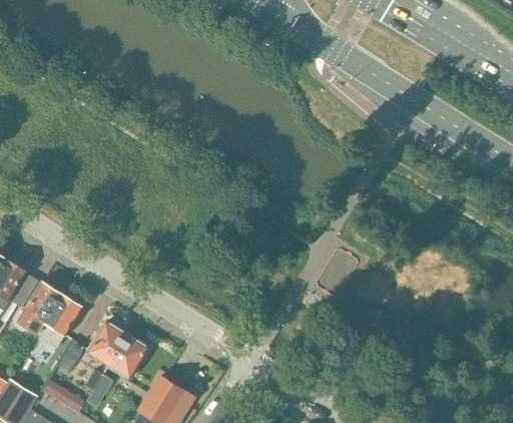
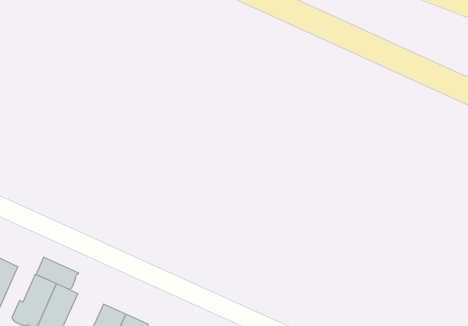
building: none -> [36,257,78,289]

